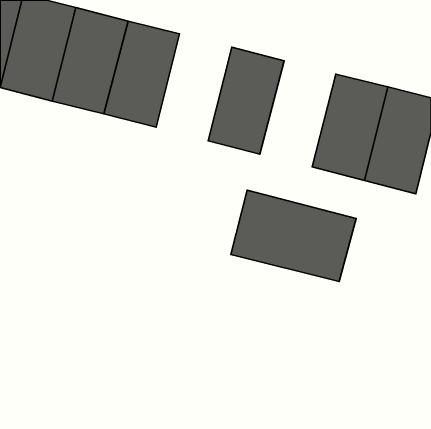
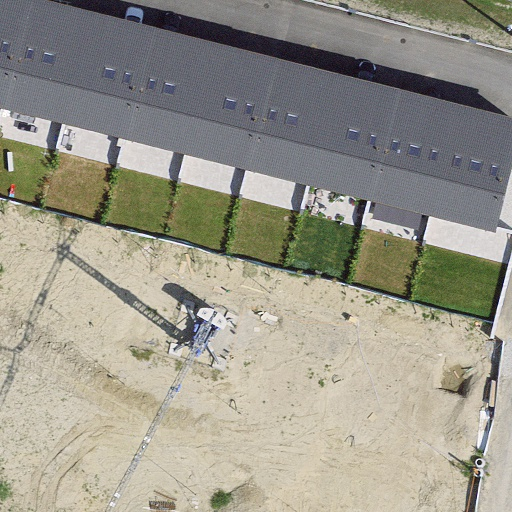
building: none -> [185,42,275,169]
building: none -> [308,74,398,200]
building: [231,190,356,282] -> none

